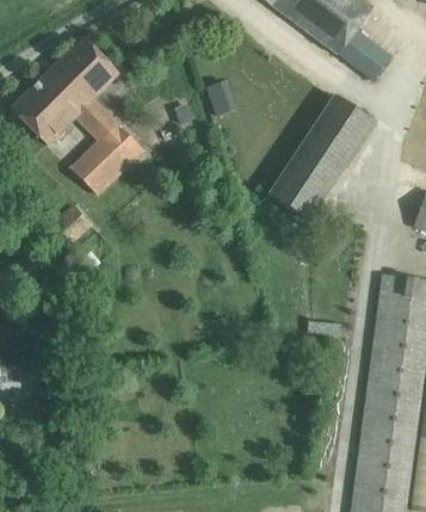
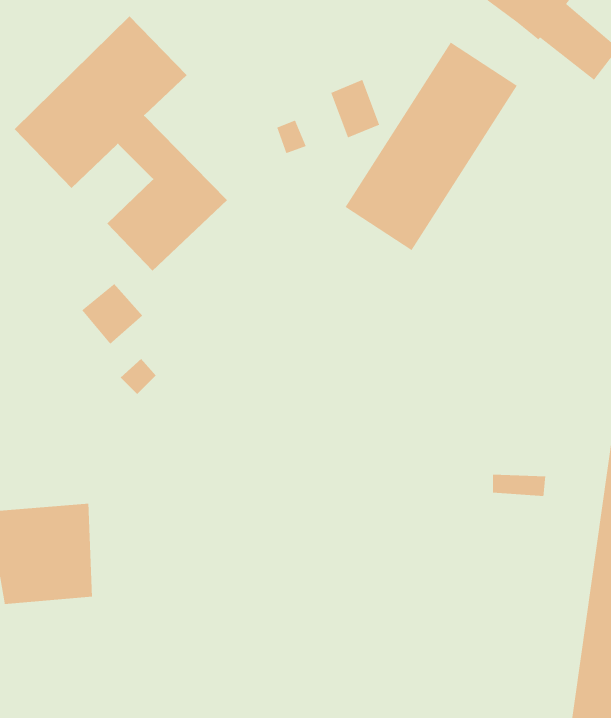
building: [267,91,375,221] -> [344,41,518,251]

